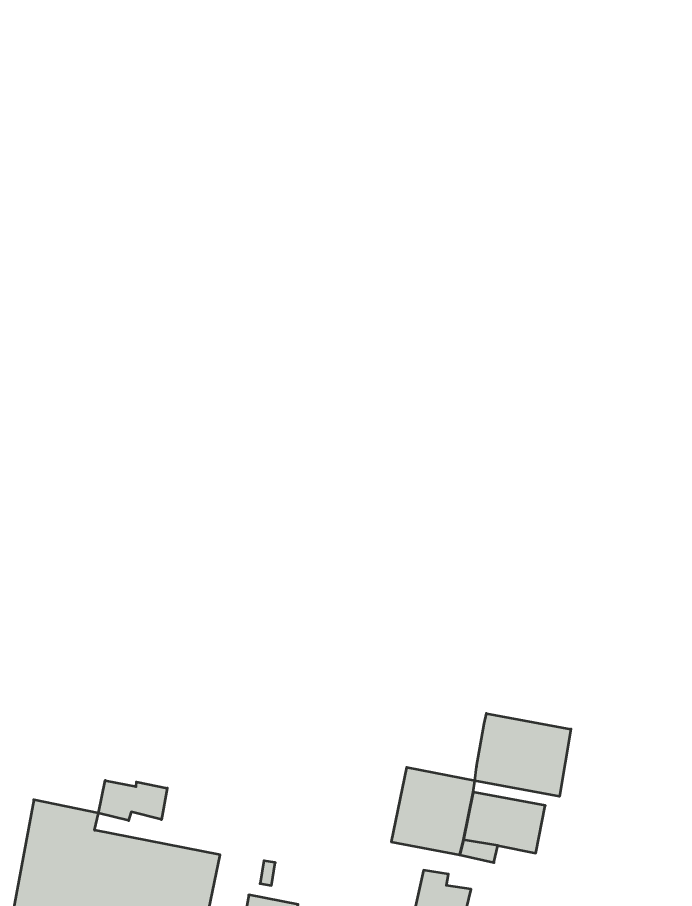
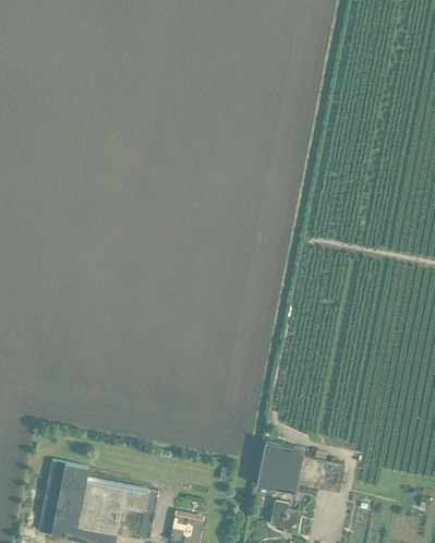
building: [475,713,571,796] -> none
building: [98,780,167,821] -> none

